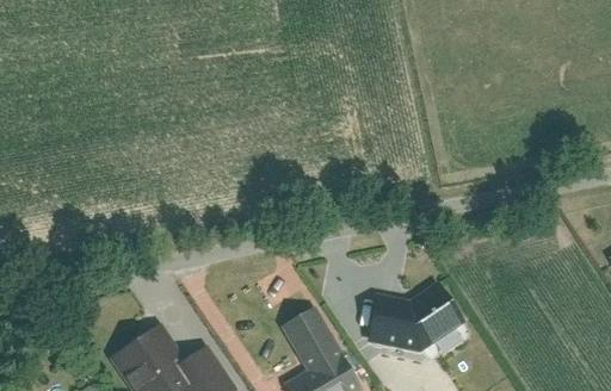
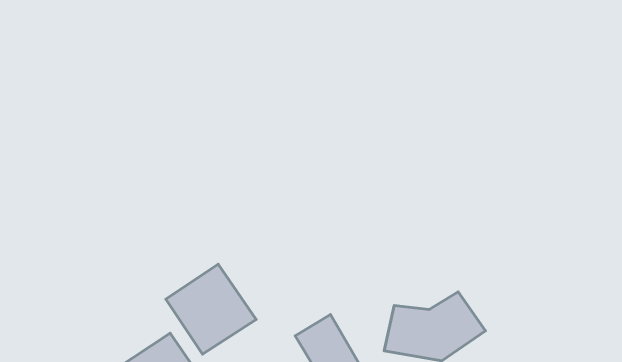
building: none -> [166,264,256,354]

